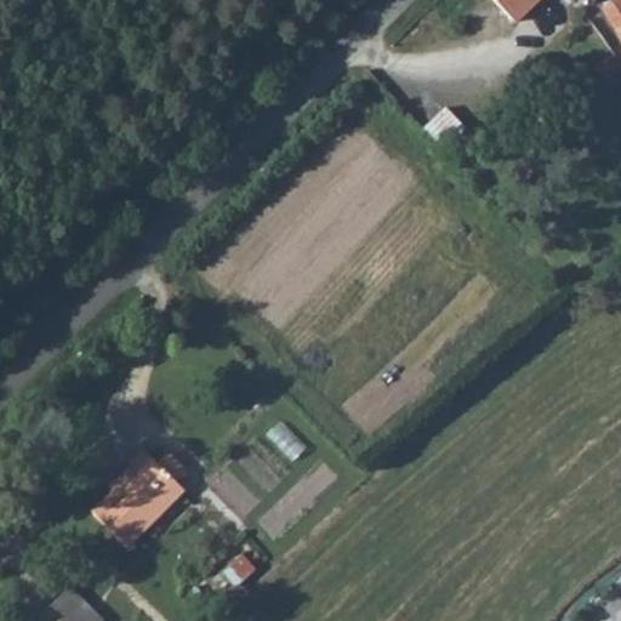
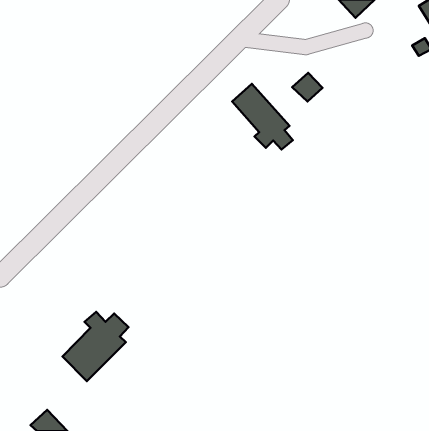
building: none -> [232,84,293,150]

